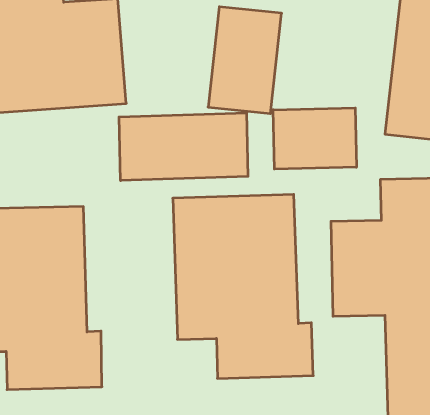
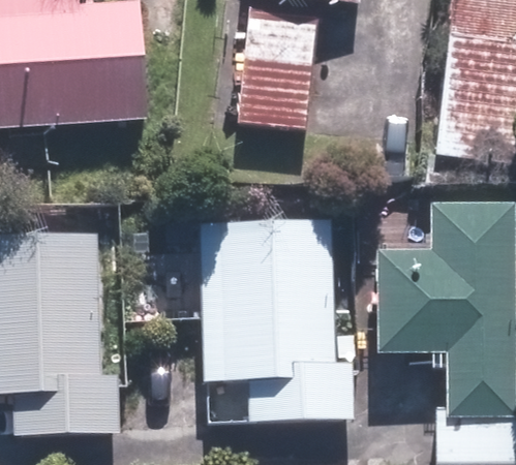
building: [273,108,356,169] -> none
building: [119,113,248,181] -> none

